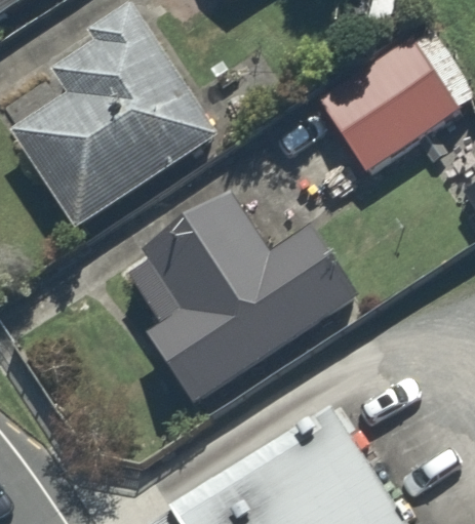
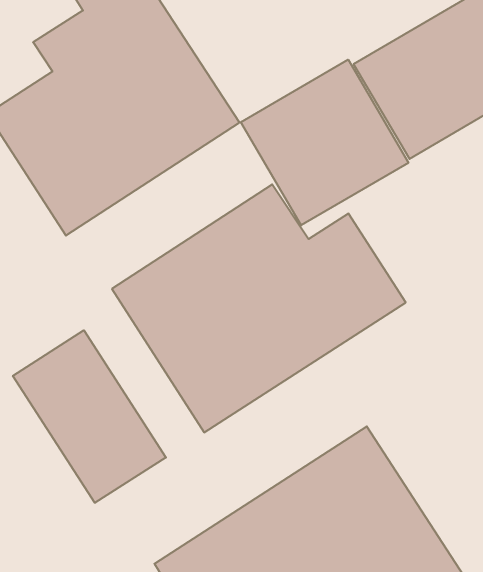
building: none -> [241,60,408,225]
building: none -> [13,330,166,503]

